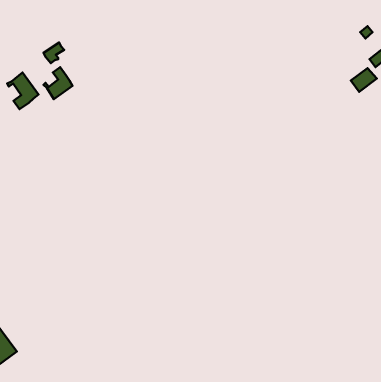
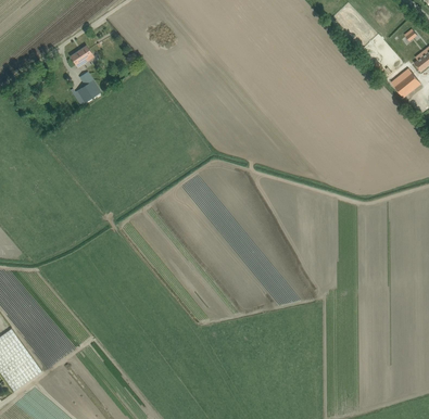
building: [7,72,38,109] -> none

